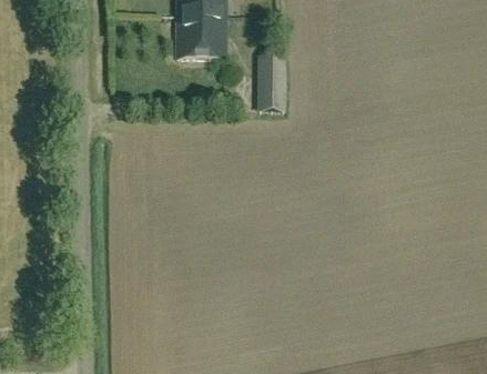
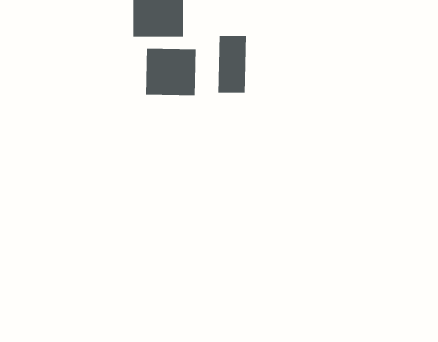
building: none -> [145,48,196,96]

